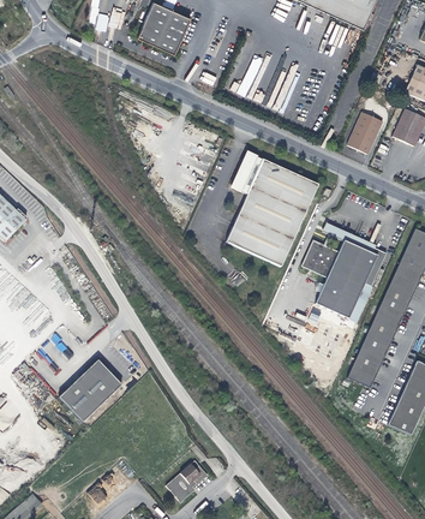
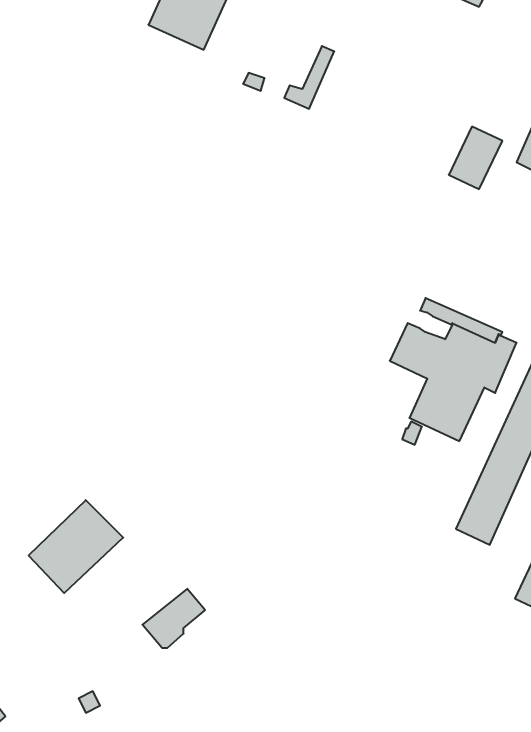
building: [225,154,318,267] -> none
building: [167,460,209,500] -> [142,589,205,648]

